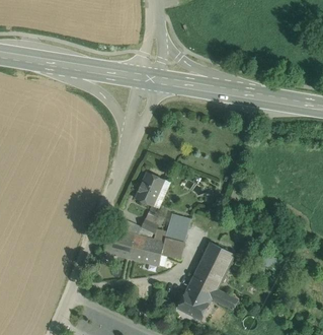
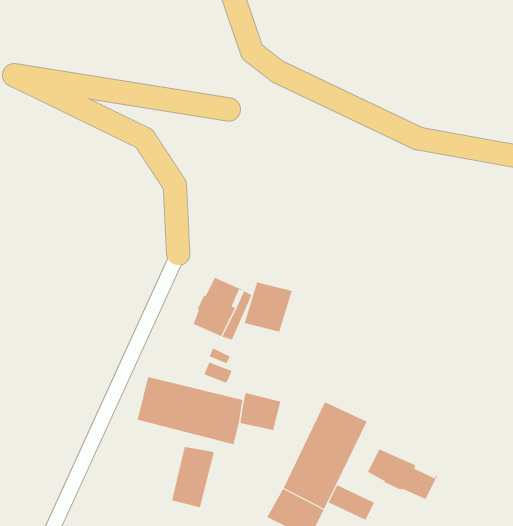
building: [164,214,191,243] -> [244,282,292,332]
building: none -> [172,446,214,508]
building: none -> [367,448,438,500]

